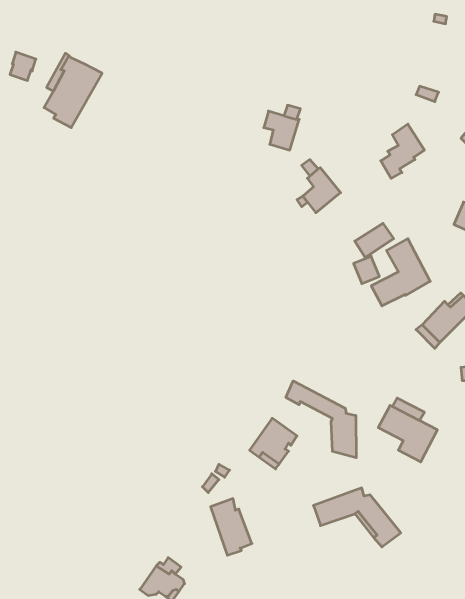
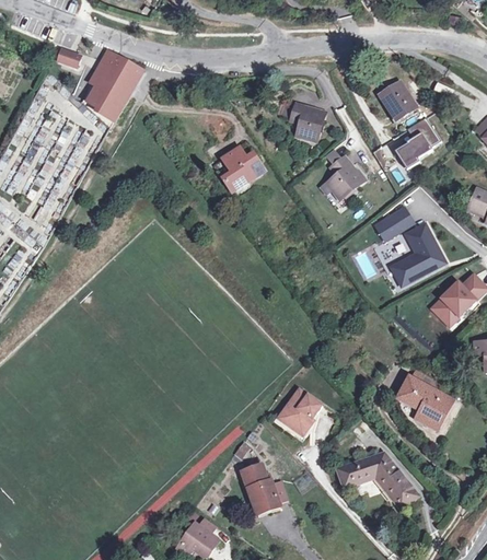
building: none -> [380,82,416,120]
building: none -> [223,148,264,191]
building: [286,381,356,458] -> none

